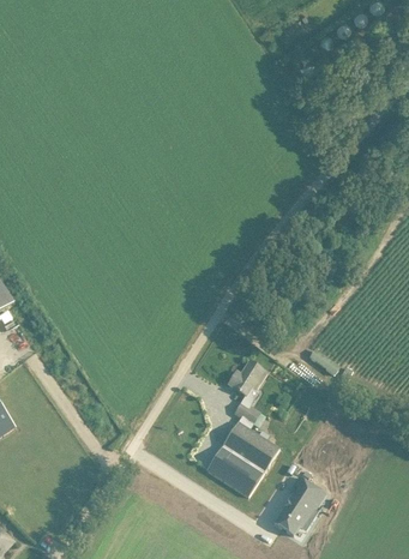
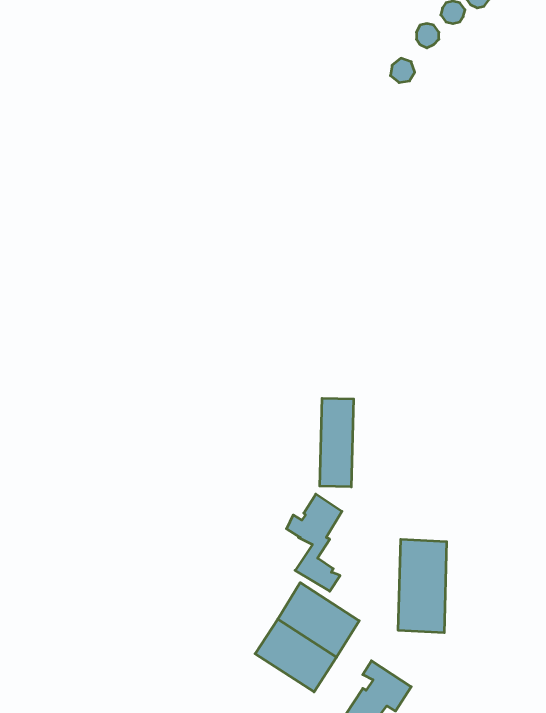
building: none -> [320,398,354,487]
building: none -> [398,539,447,633]

